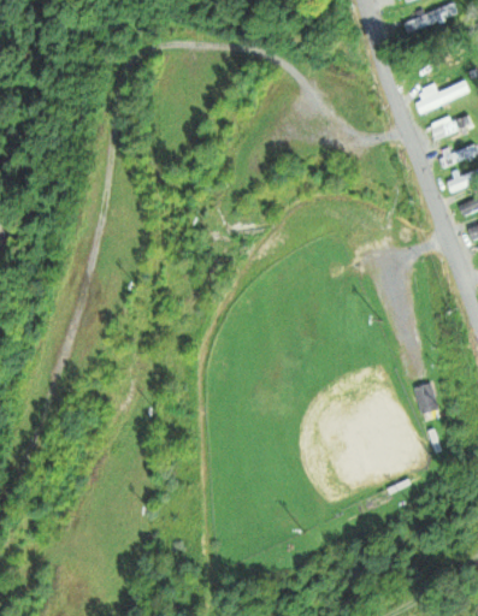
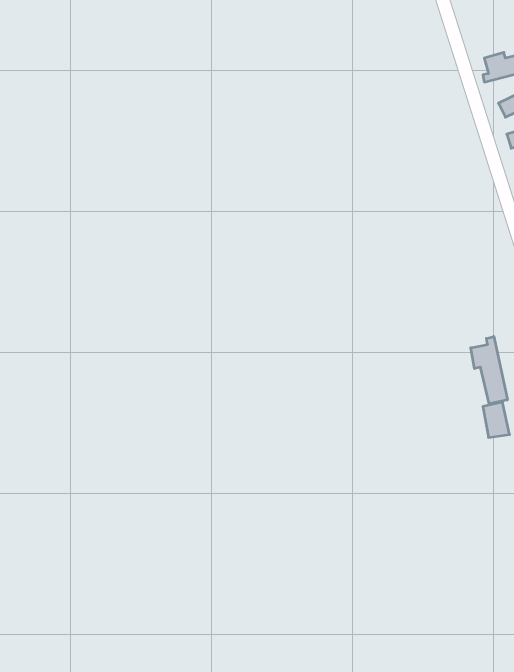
building: none -> [471,336,507,404]

